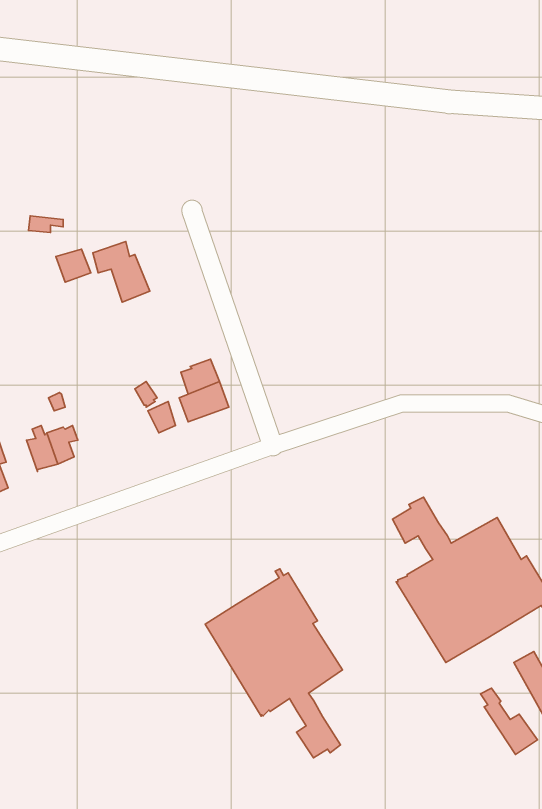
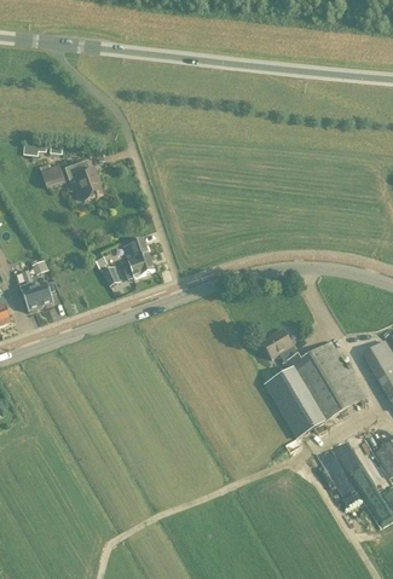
building: [205,569,343,758] -> none

